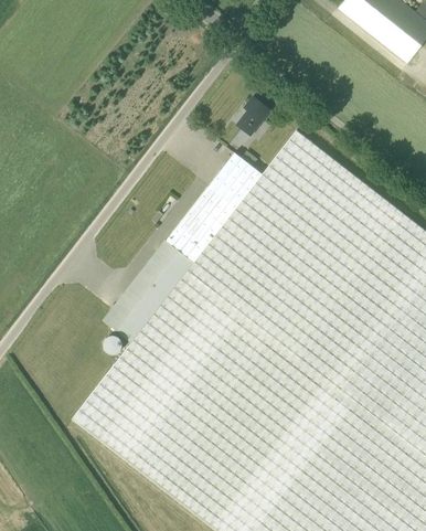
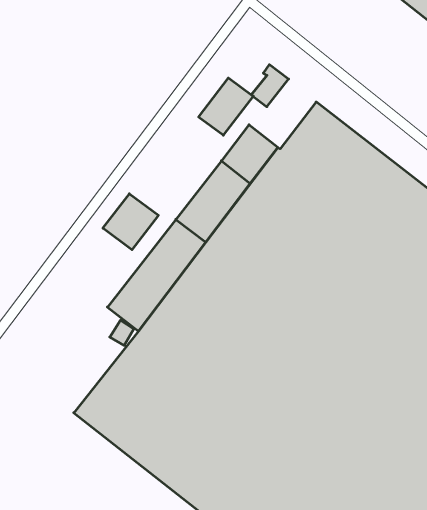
building: none -> [199,78,253,135]
building: none -> [103,194,158,250]

